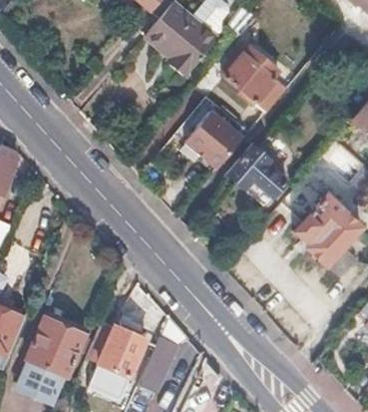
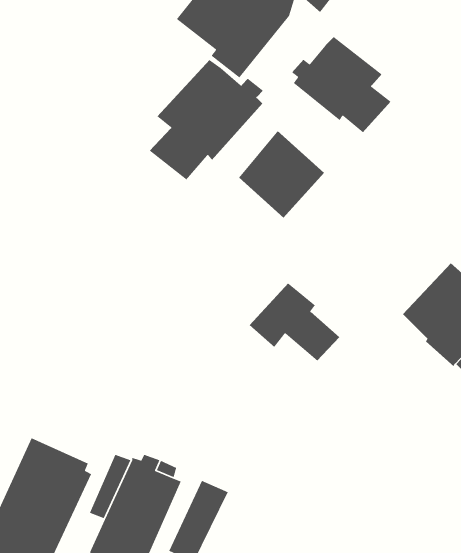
building: none -> [149,59,264,181]
building: [226,144,286,196] -> [249,283,340,362]

